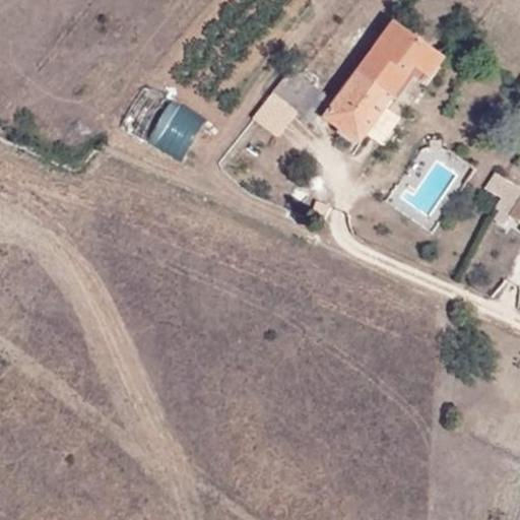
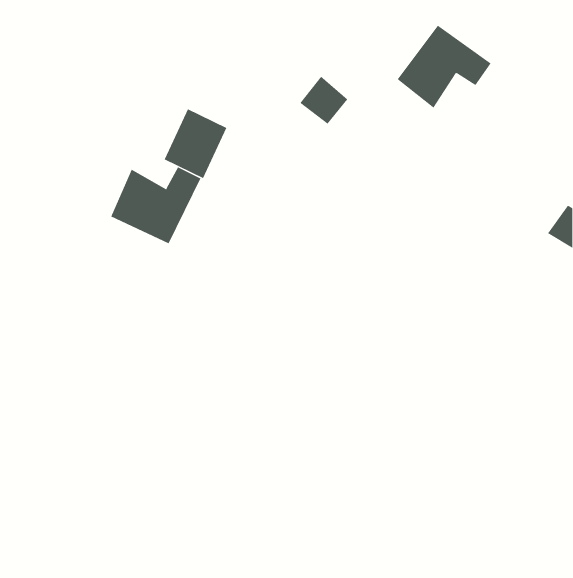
building: [323,71,390,142] -> none
building: none -> [110,166,201,244]

